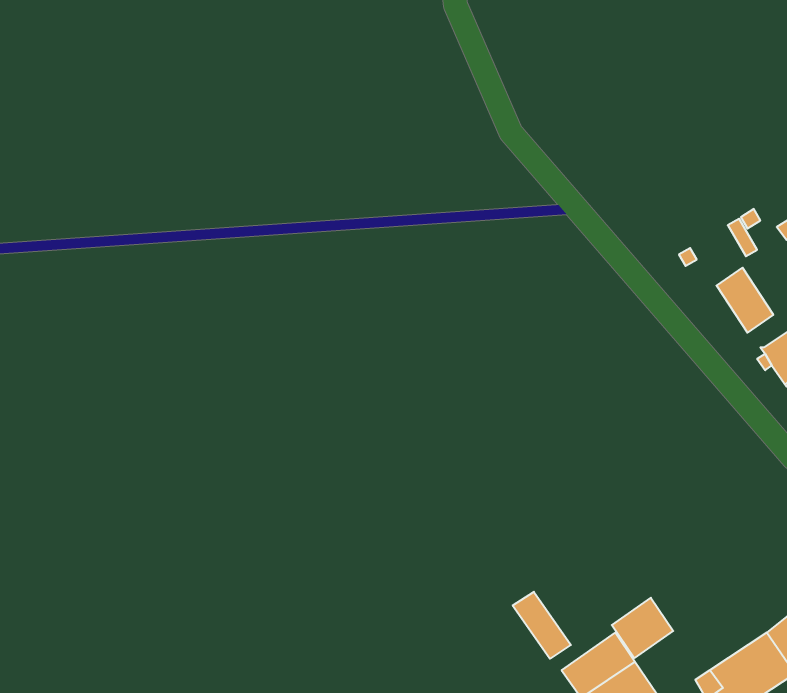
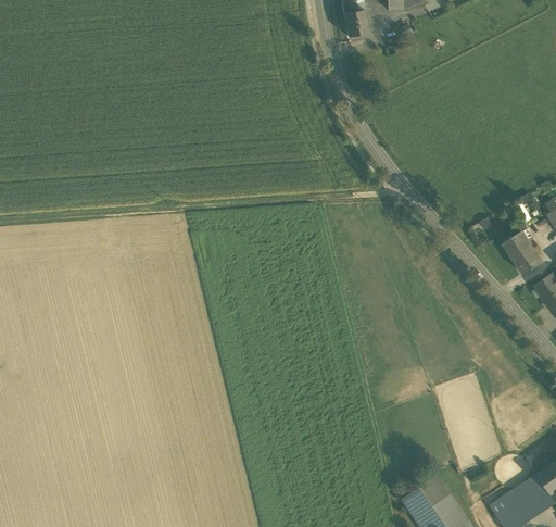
building: [513,592,571,659] -> none
building: [612,598,673,658] -> none

